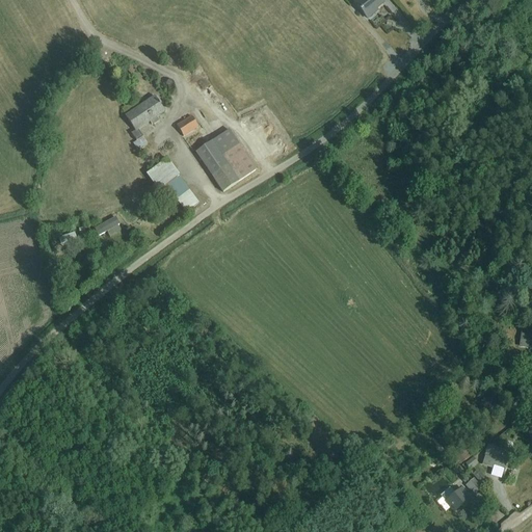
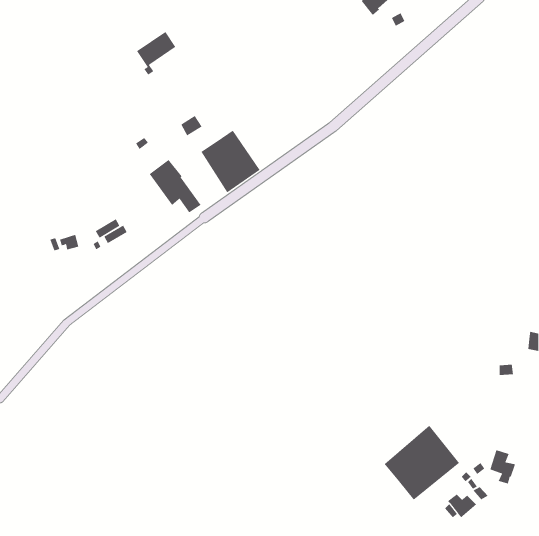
building: [125,94,164,137] -> [136,31,176,75]
building: none -> [384,425,460,500]

